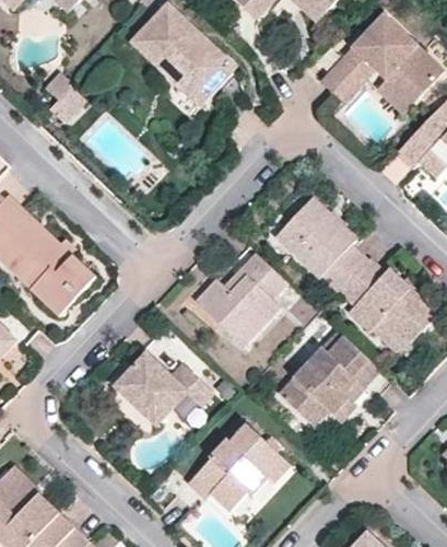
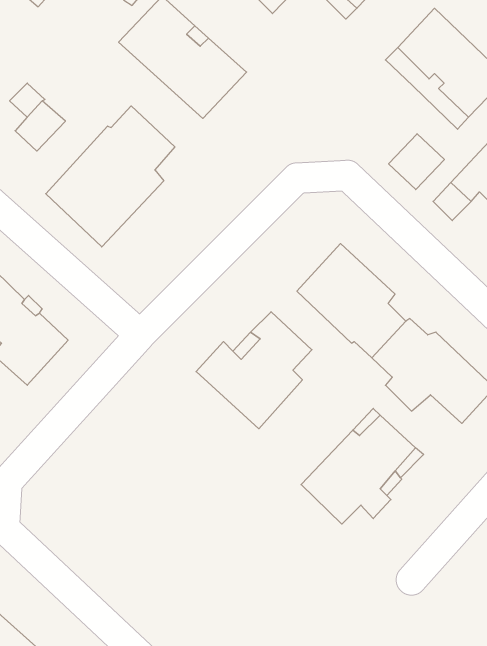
building: [324,51,368,96] -> [389,134,444,190]
building: none -> [46,106,175,247]
building: [115,353,210,424] -> none
building: [195,427,287,513] -> none

